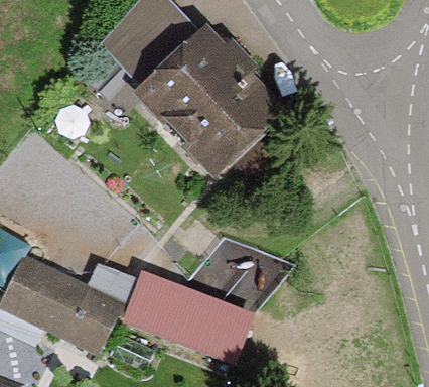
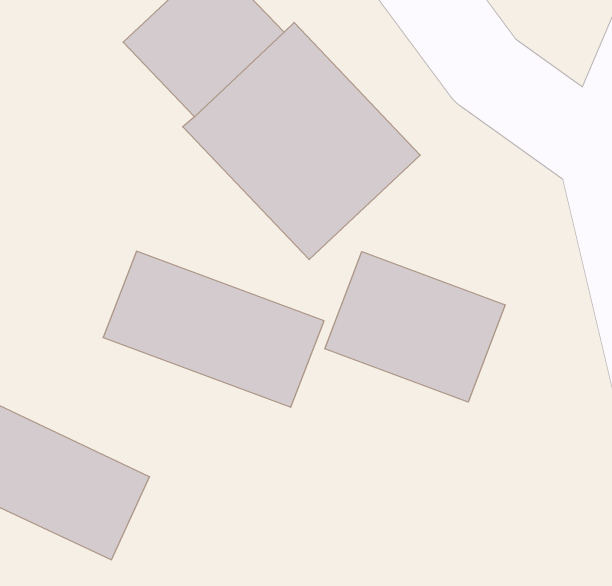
building: none -> [325,252,505,402]
building: [130,268,264,363] -> [103,251,324,407]

